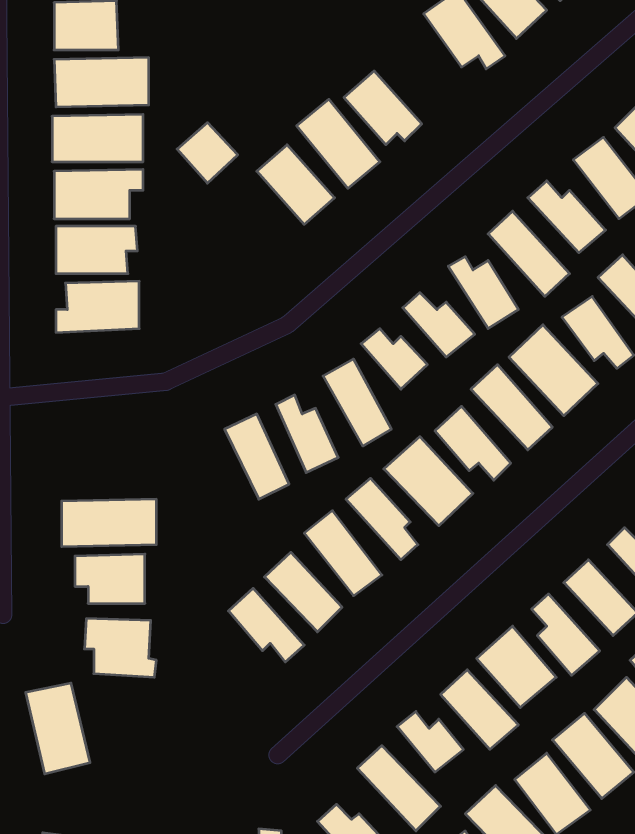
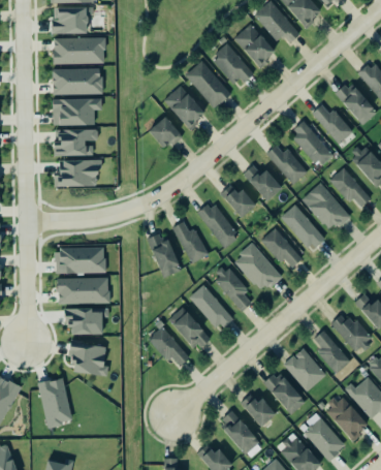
building: none -> [233,23,276,67]
building: [177,123,238,183] -> [149,117,182,150]
building: none -> [55,248,104,274]

